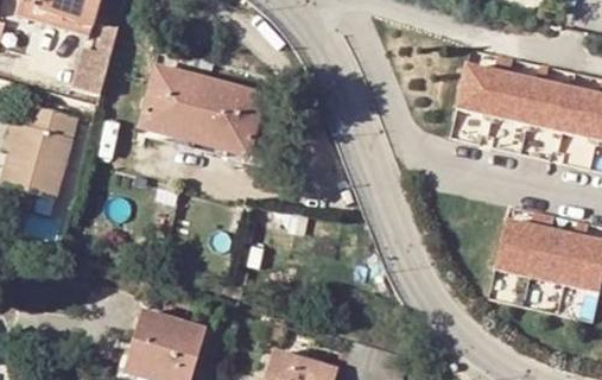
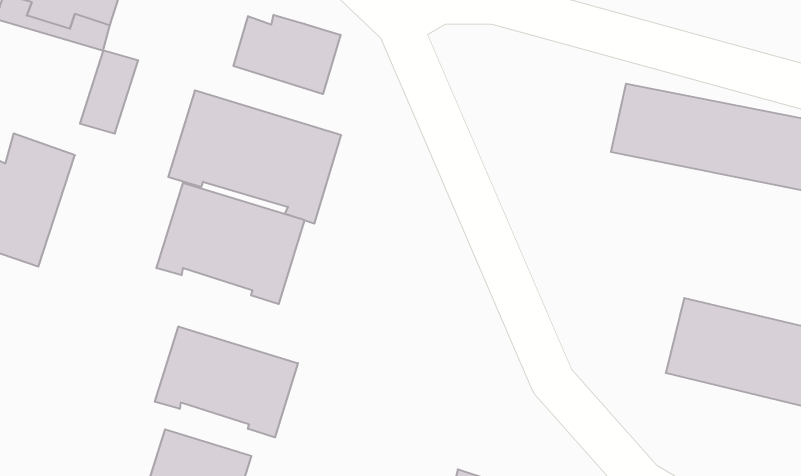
building: none -> [234,15,341,94]
building: none -> [156,183,304,304]
building: none -> [155,326,298,437]

